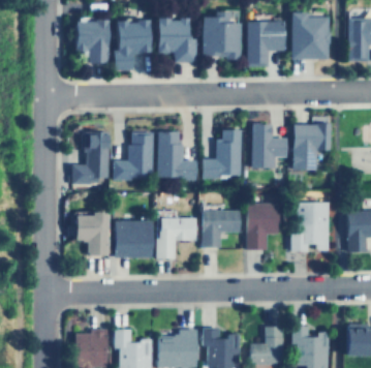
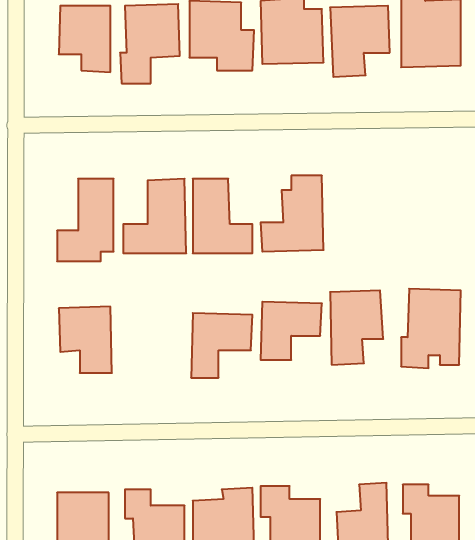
building: [292,117,331,170] -> none
building: [252,123,288,168] -> none
building: [114,220,152,257] -> none

